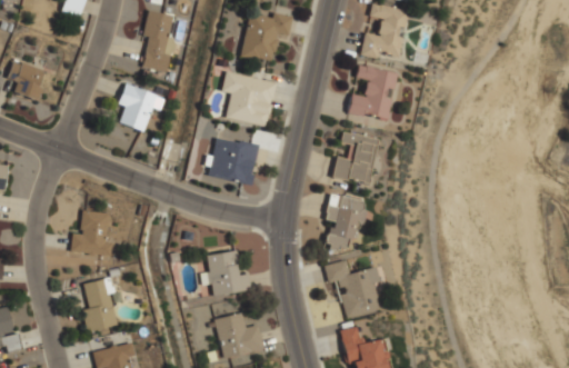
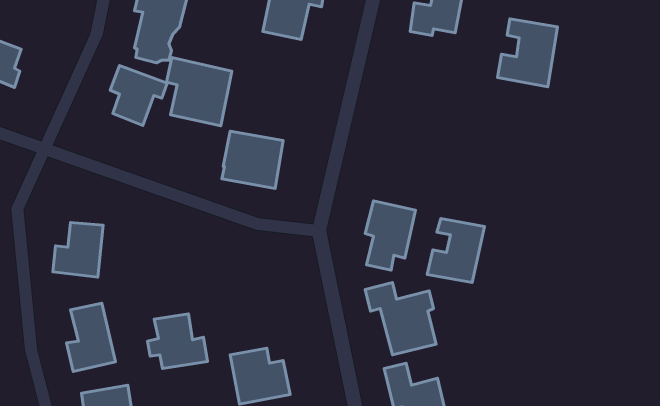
building: [348,64,397,120] -> [497,19,558,87]
building: [222,71,276,127] -> [166,57,232,126]
building: [332,131,379,183] -> [427,218,485,283]
building: [201,251,250,296] -> [147,314,208,368]

